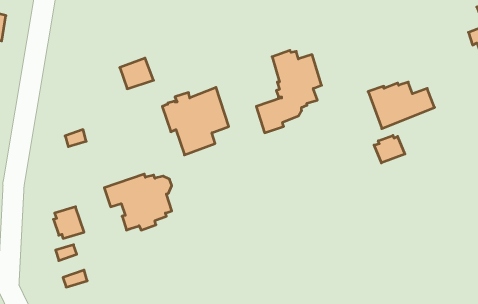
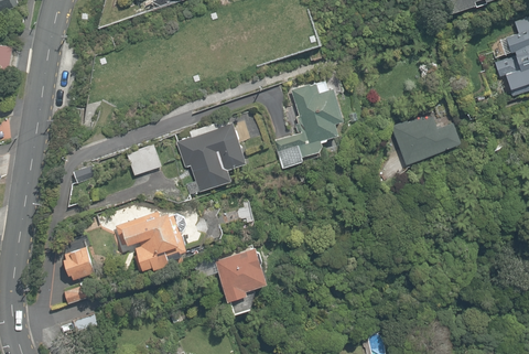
building: [120,58,154,89] -> [126,143,161,175]
building: [374,135,405,163] -> none
building: none -> [214,246,266,312]

